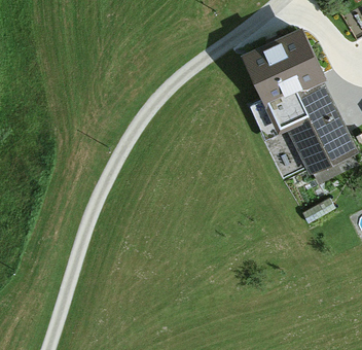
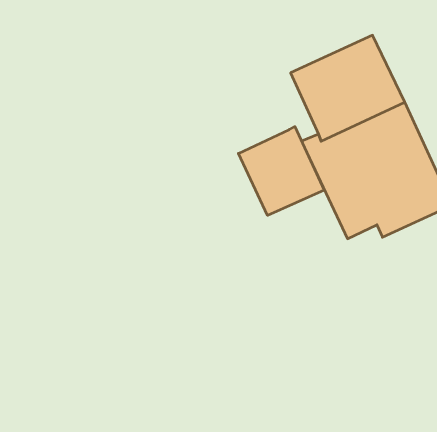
building: none -> [238,127,324,215]

